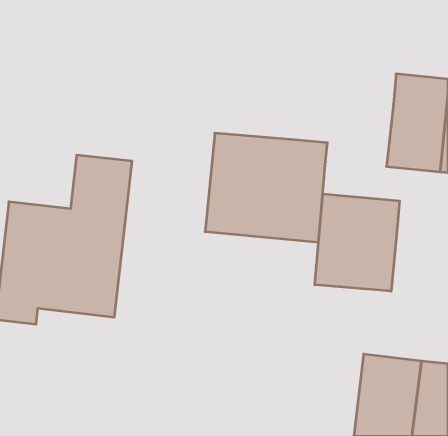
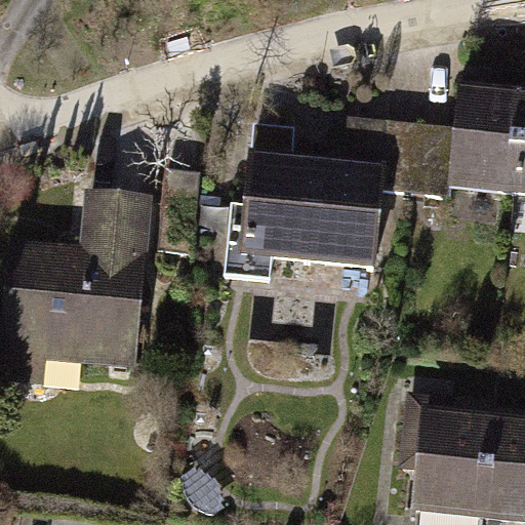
building: none -> [348,112,458,194]
building: [315,194,400,291] -> none

